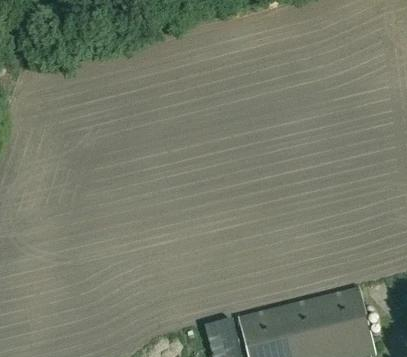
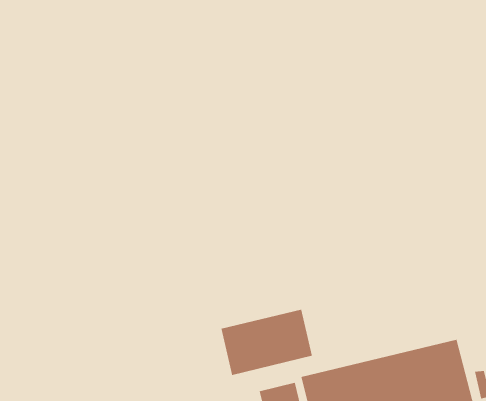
building: none -> [221,309,313,376]

